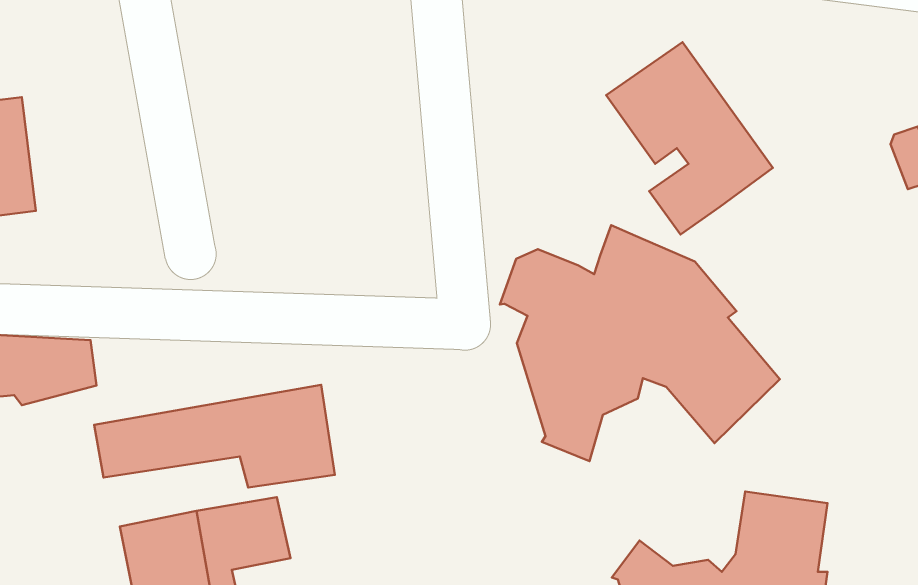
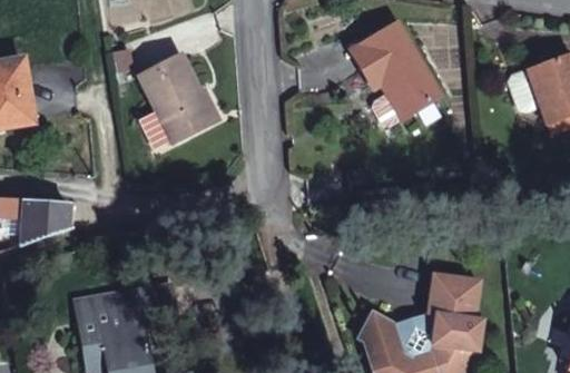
building: none -> [144,60,216,148]
building: [500,225,780,461] -> none
building: [94,385,335,488] -> none

